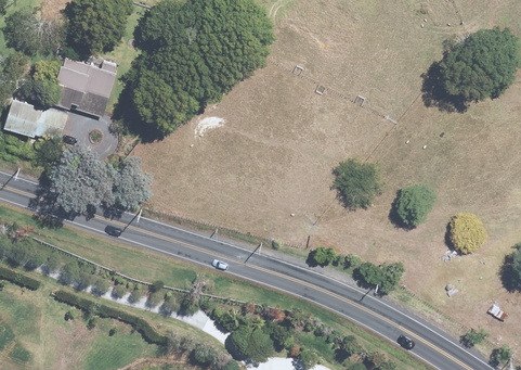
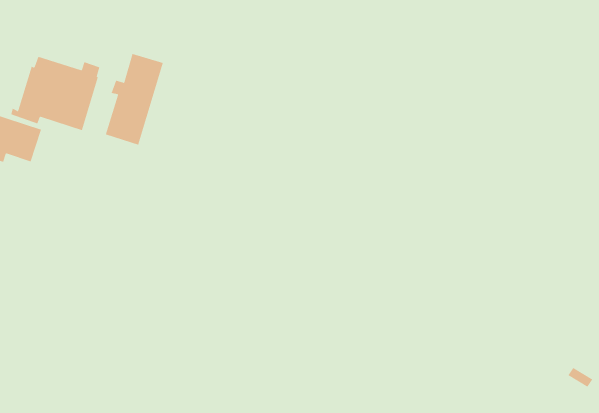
building: none -> [105,53,163,146]

